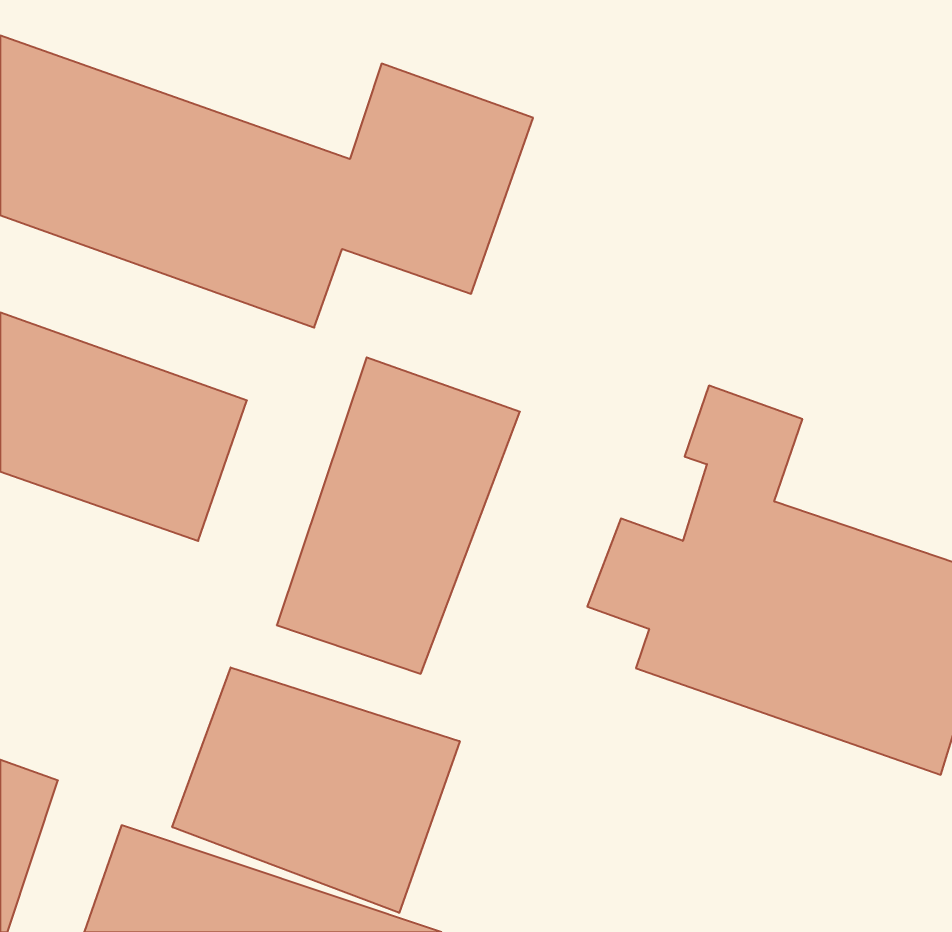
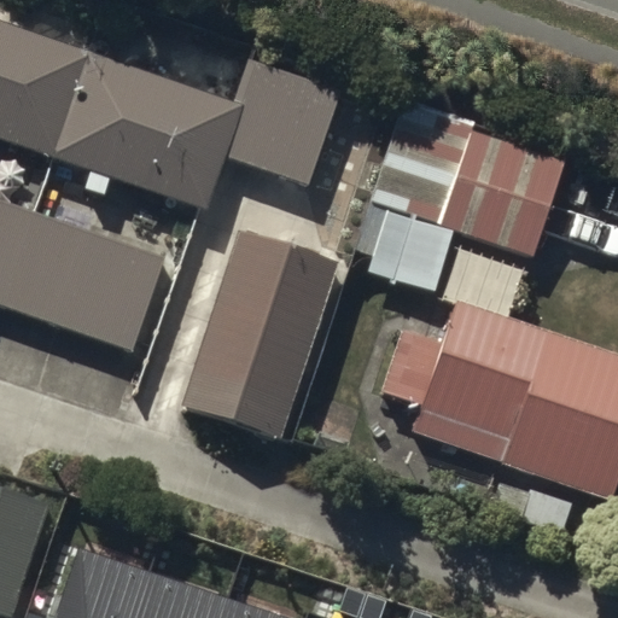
building: none -> [367,101,567,292]
building: [172,667,460,913] -> none

